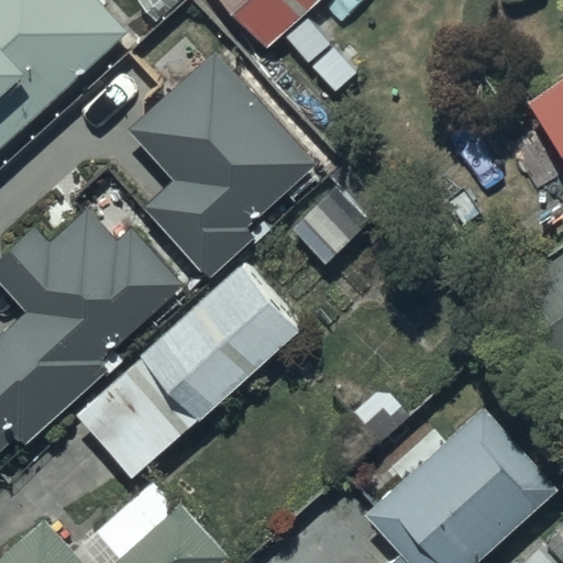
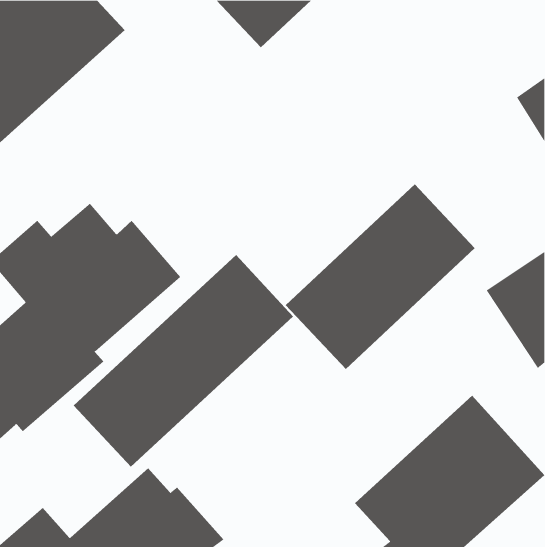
building: [129,53,316,278] -> none
building: none -> [285,183,475,370]

